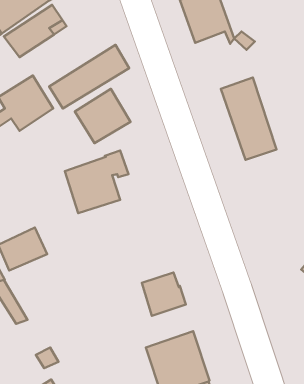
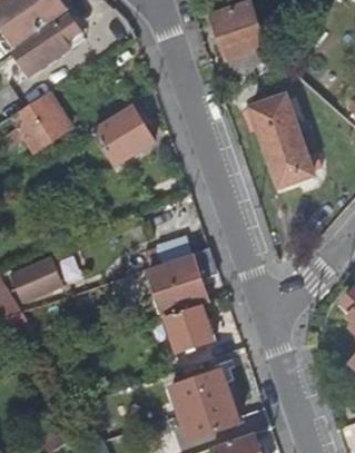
building: [49,45,129,109] -> none
building: [65,151,128,213] -> [148,247,217,315]

